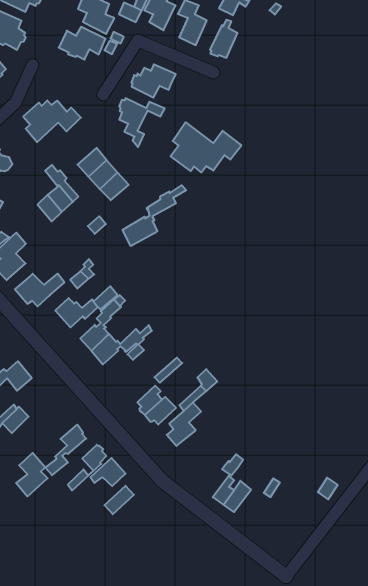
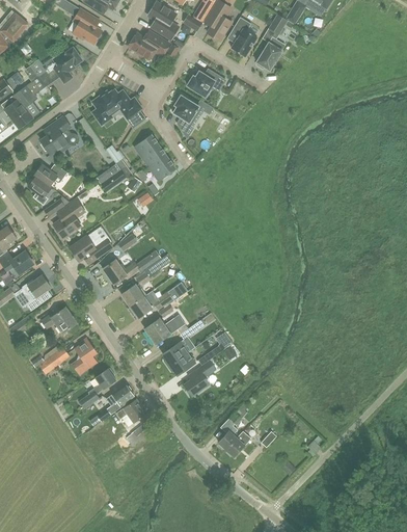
building: [171,122,241,172] -> none
building: [122,185,186,246] -> none
building: none -> [145,314,185,343]
building: [16,453,48,496] -> [71,339,98,375]

